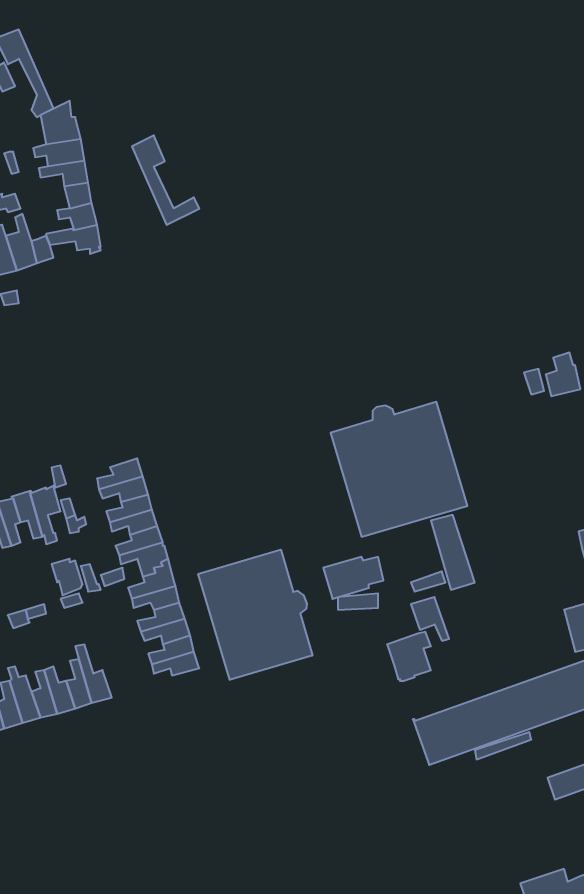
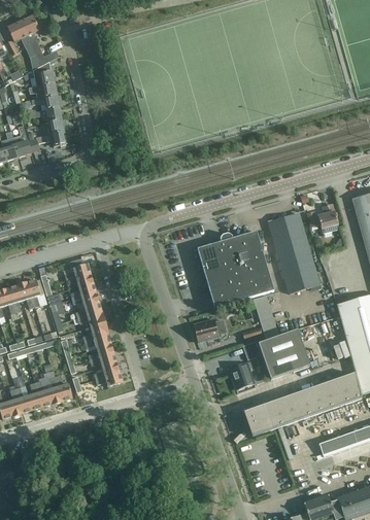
building: [132,135,199,225] -> [21,14,59,65]
building: none -> [268,212,319,292]
building: [198,550,312,680] -> none
building: none -> [259,328,310,378]

